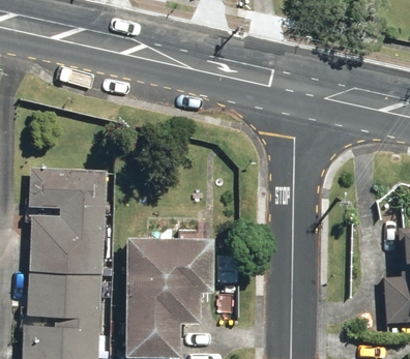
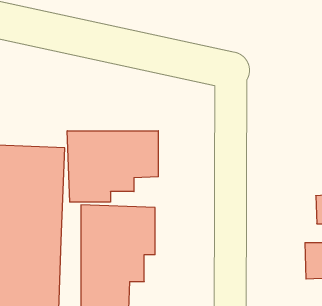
building: none -> [67,131,158,202]

